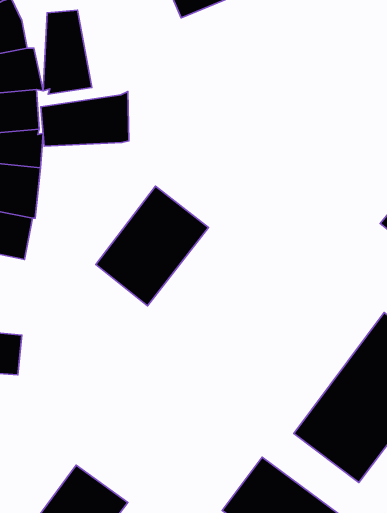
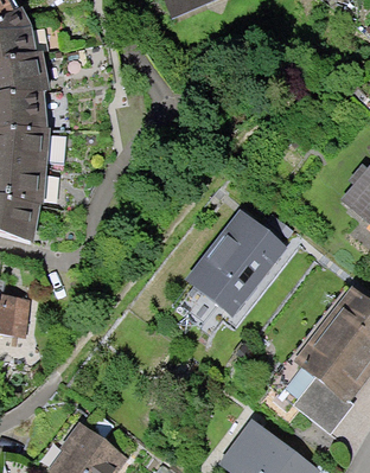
building: [43,10,92,94] -> none
building: [41,92,129,146] -> none
building: [96,186,209,306] -> [189,204,289,311]

